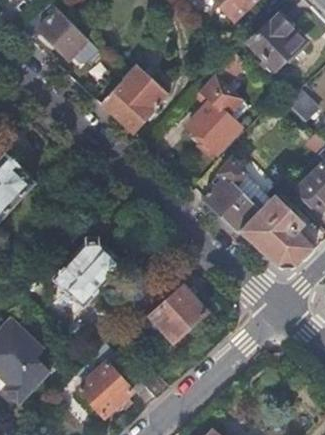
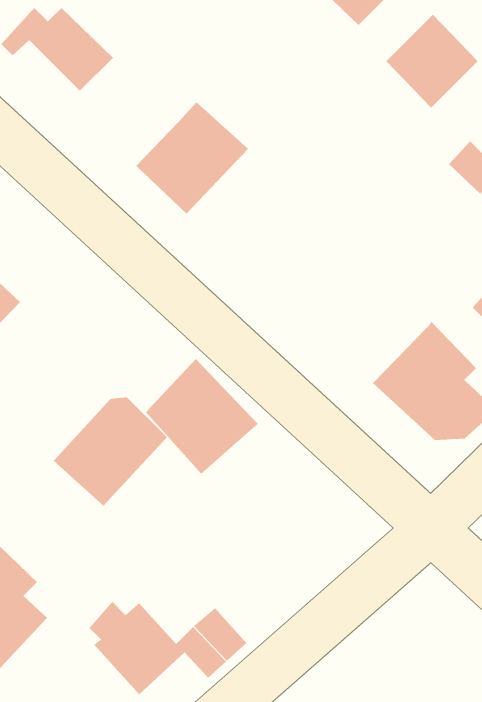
building: [189,51,254,156] -> none
building: [204,159,275,232] -> none
building: [140,273,207,342] -> [145,358,258,475]

